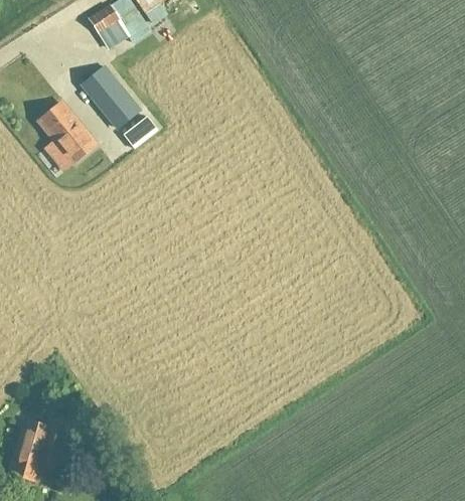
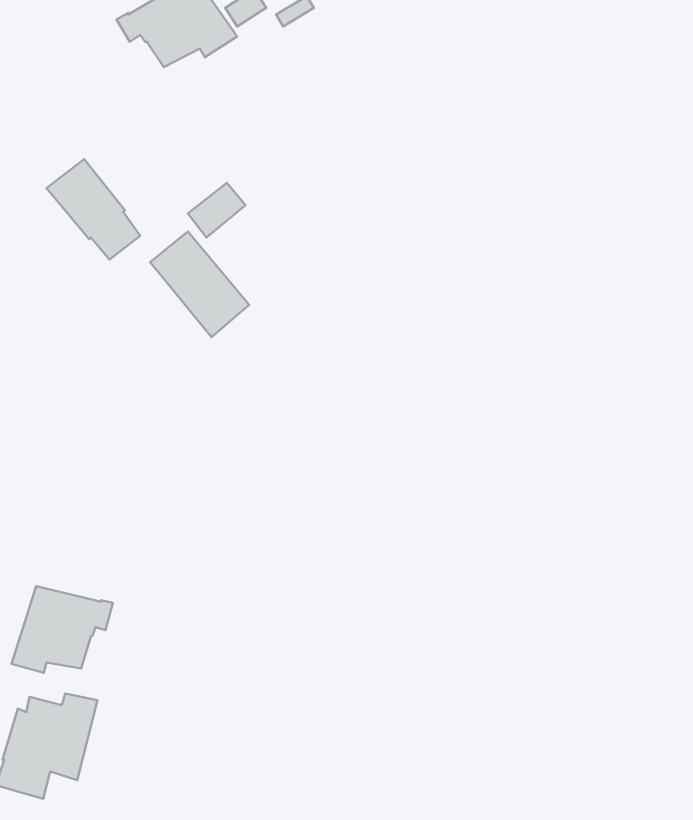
building: [82,65,140,128] -> [150,232,249,337]
building: none -> [12,586,113,673]

